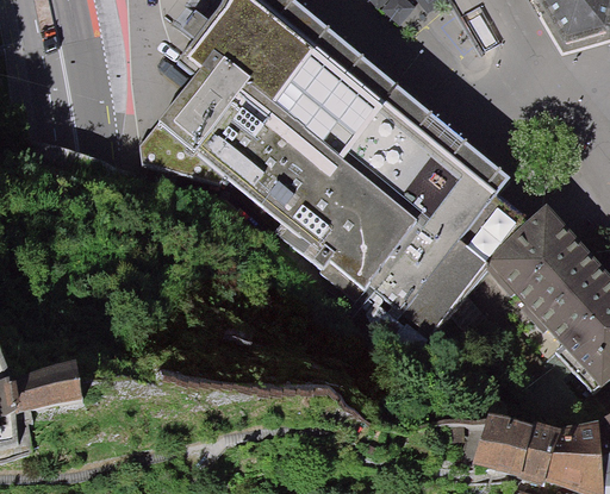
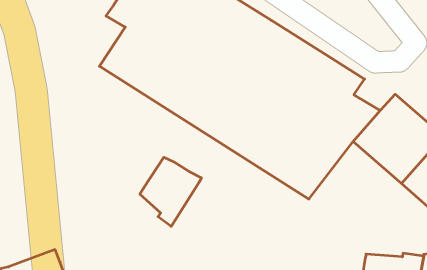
building: none -> [140,157,201,226]

